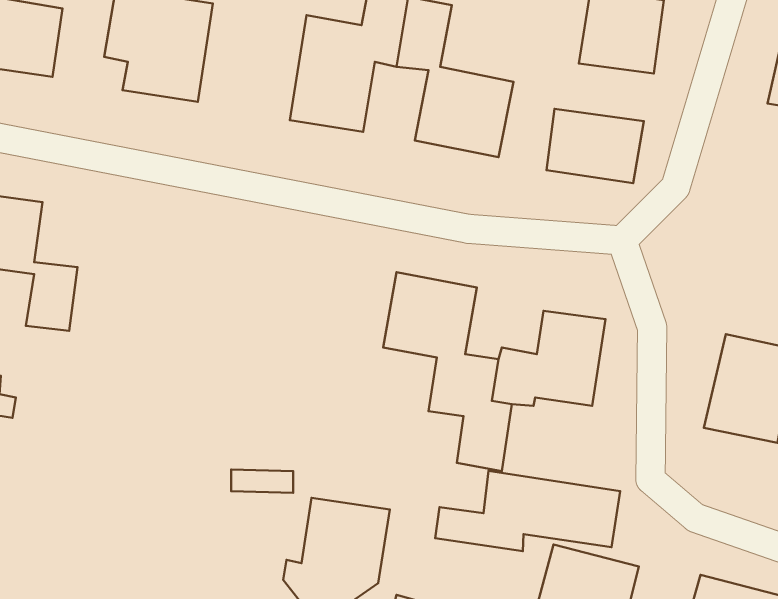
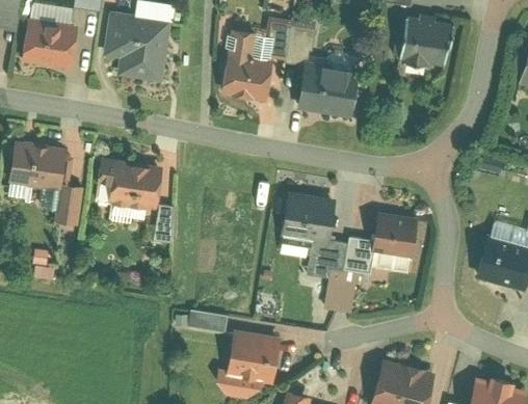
building: [547,109,644,183] -> none
building: none -> [99,157,180,243]
building: [435,471,620,551] -> none

